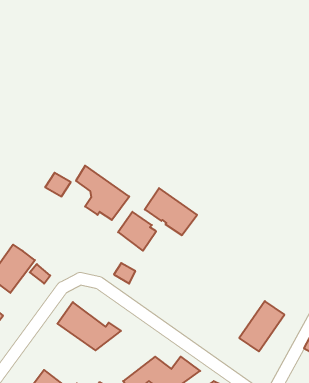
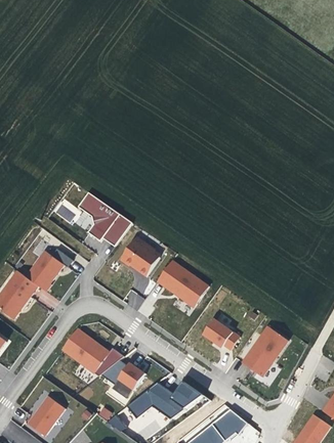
building: [145,188,197,235] -> [157,260,209,307]
building: none -> [26,241,77,291]
building: none -> [203,318,240,350]
building: none -> [118,362,145,390]

